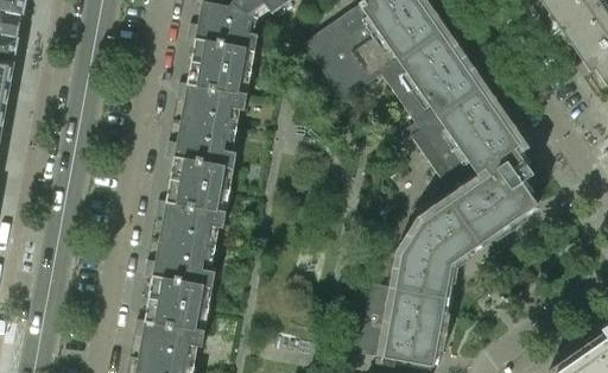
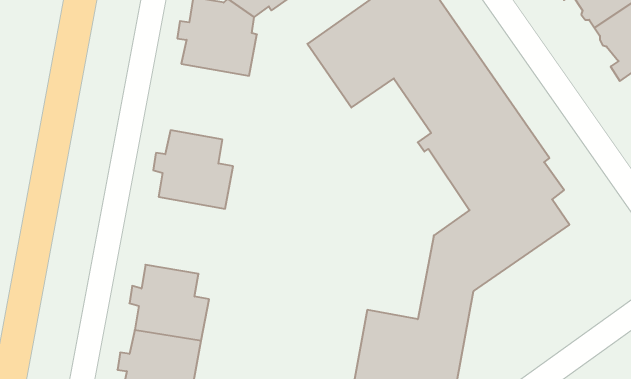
building: [177,59,252,127] -> none
building: [156,178,230,247] -> none

